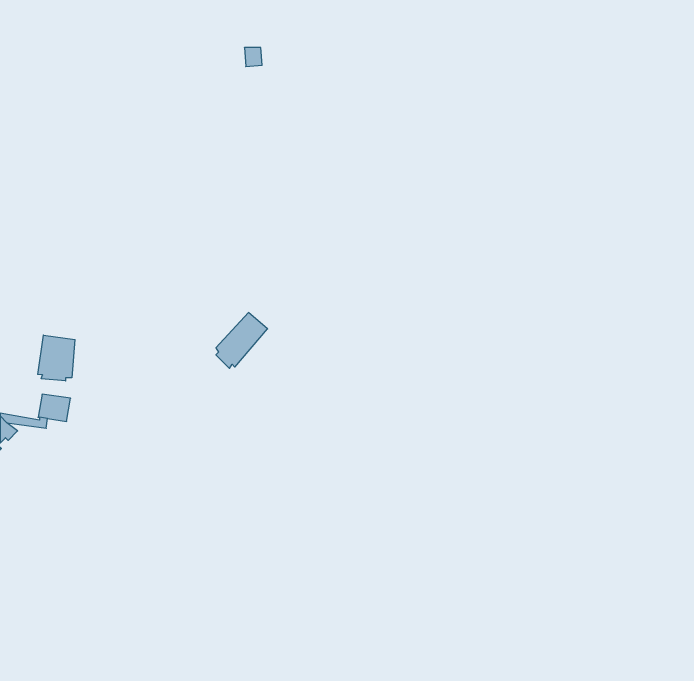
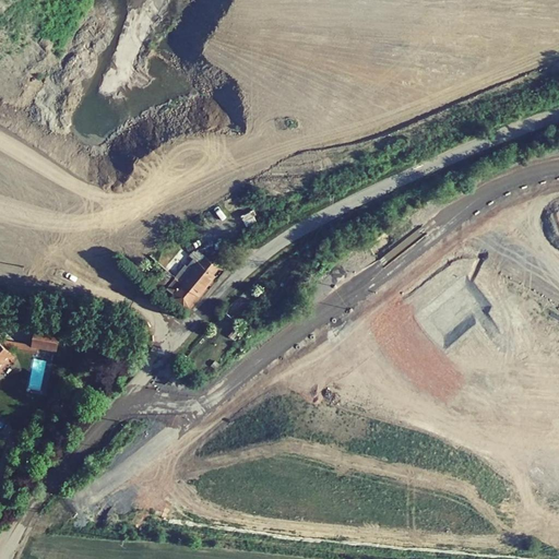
building: [38,335,75,381] -> none

